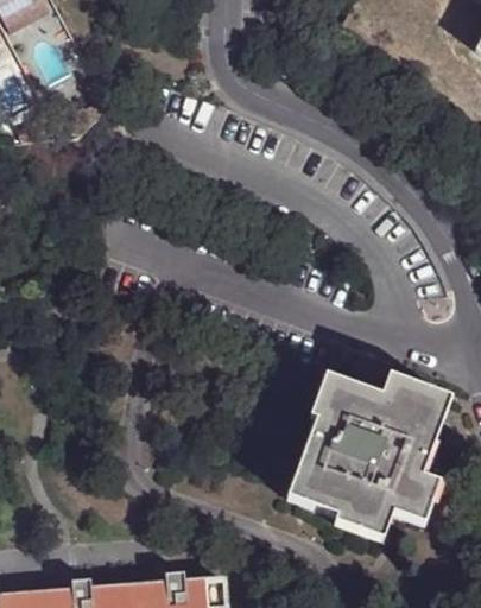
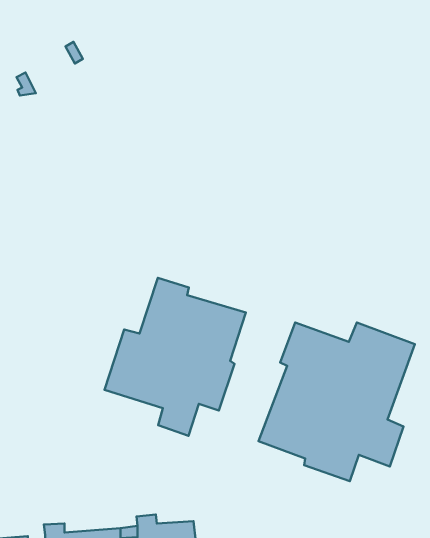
building: none -> [105,278,246,436]

